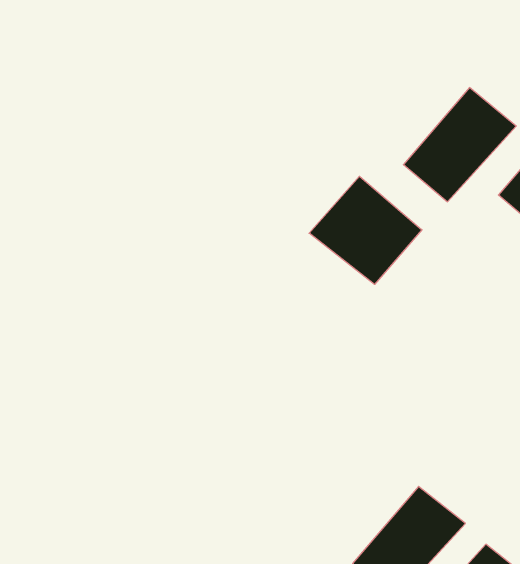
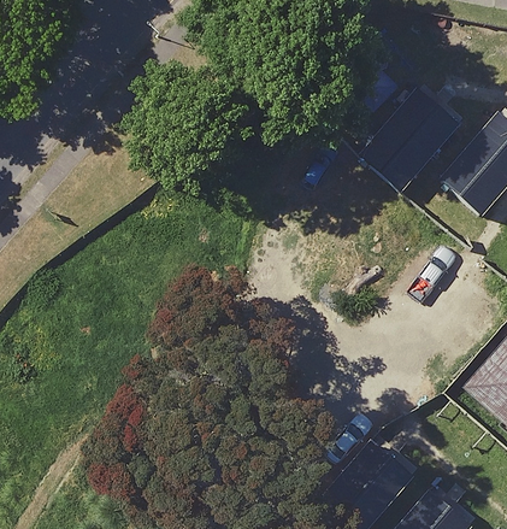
building: [309,176,422,284] -> none

